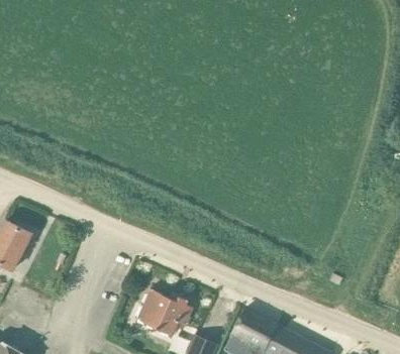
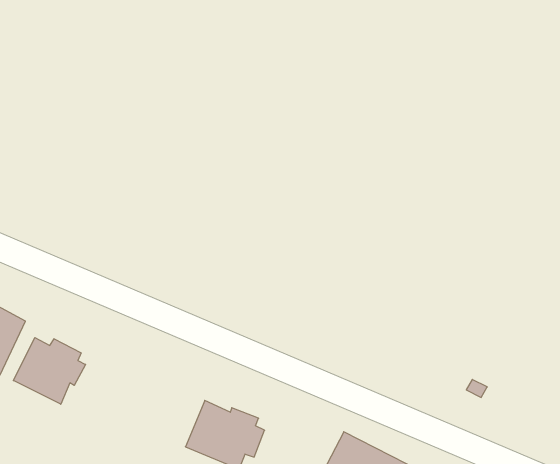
building: none -> [13,338,86,404]

